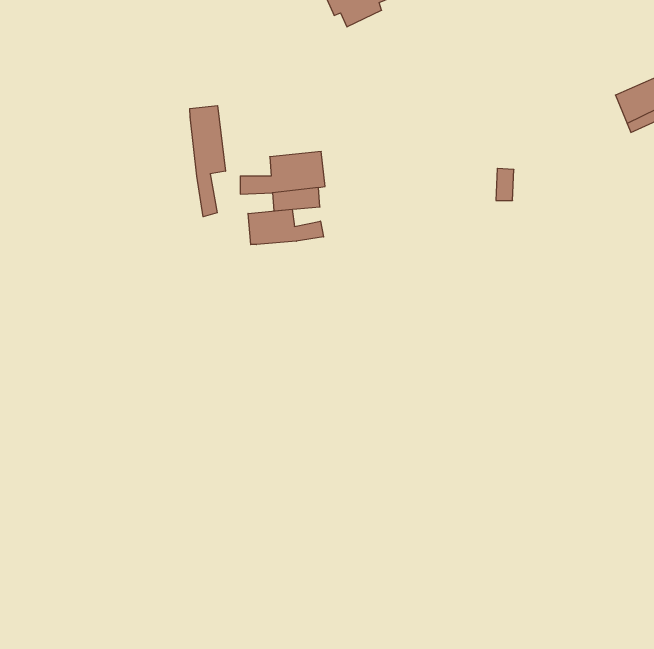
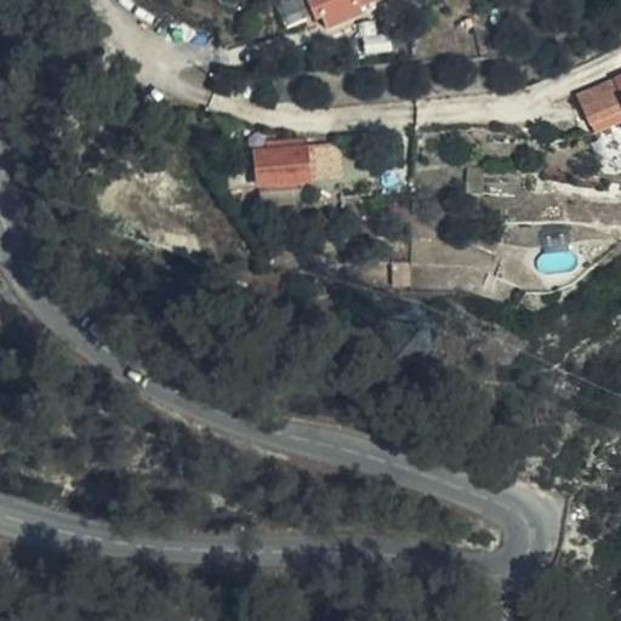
building: [190,106,225,217] -> none
building: [248,209,324,245] -> none

